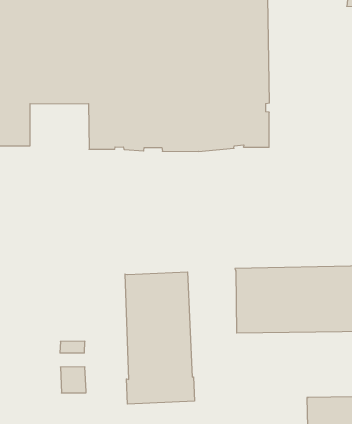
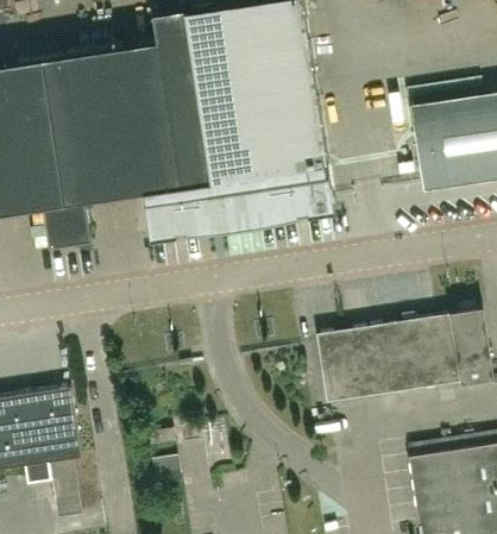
building: [125,272,194,404] -> none

